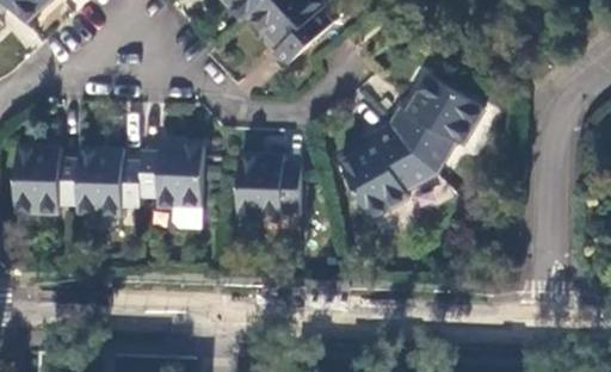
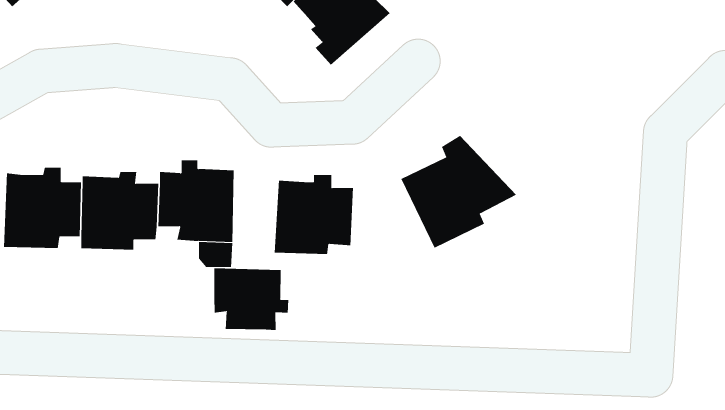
building: [385,74,481,172] -> none
building: none -> [214,268,289,331]

